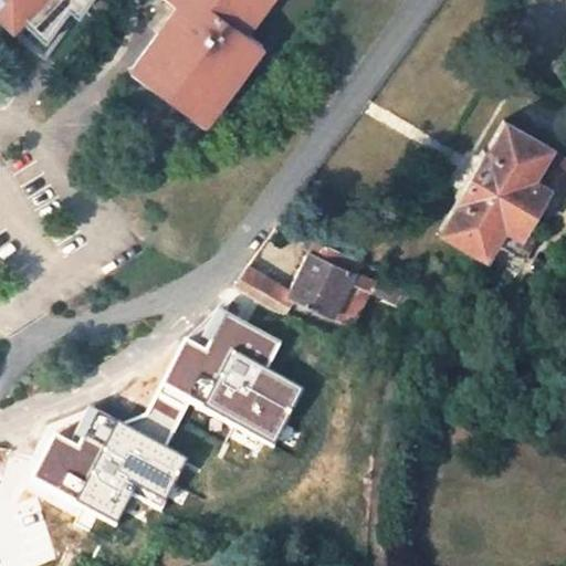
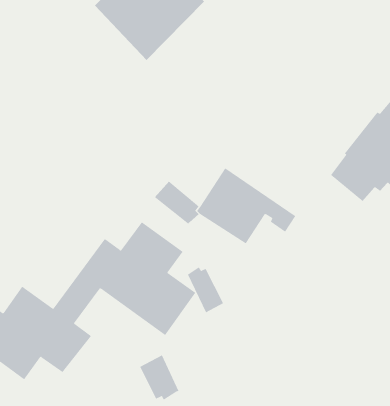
building: none -> [187,266,224,313]
building: none -> [139,355,179,400]

